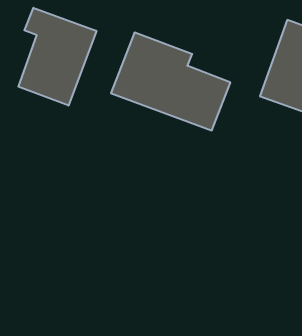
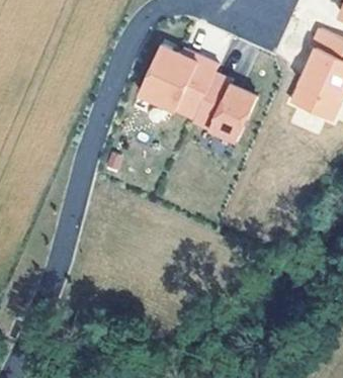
building: [18,8,96,106] -> none

